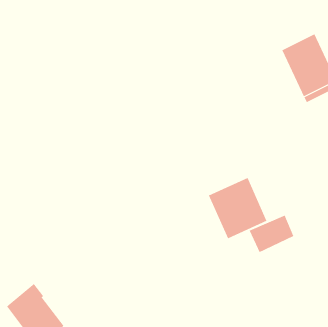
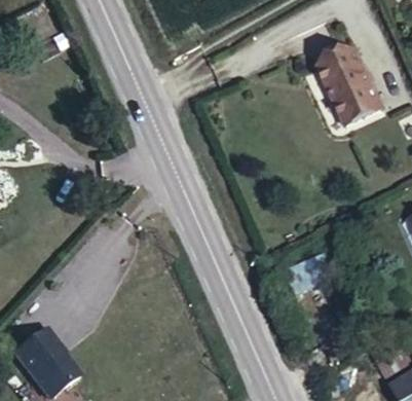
building: [208,177,267,239] -> none

